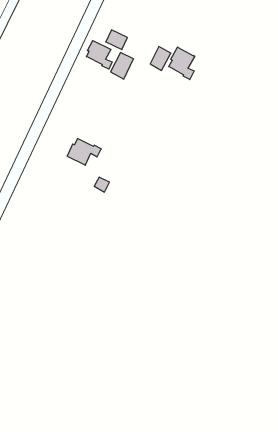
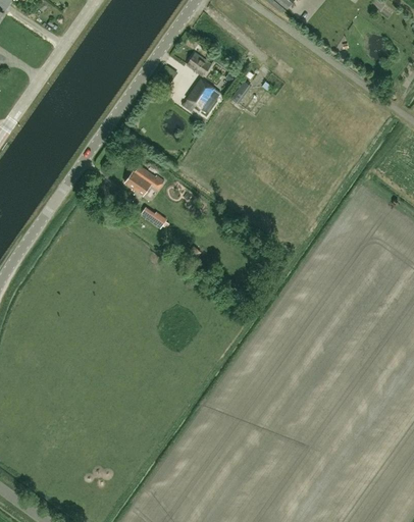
building: [86,41,112,69] -> none
building: [169,47,195,80] -> none

